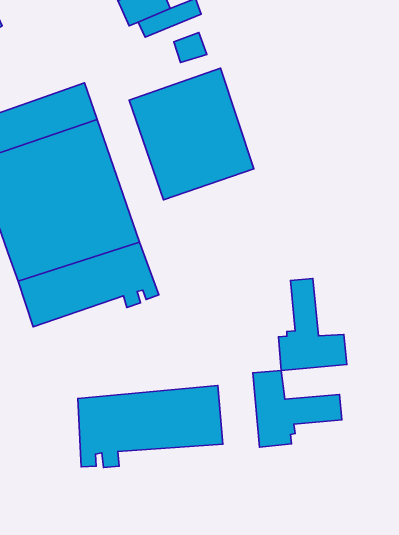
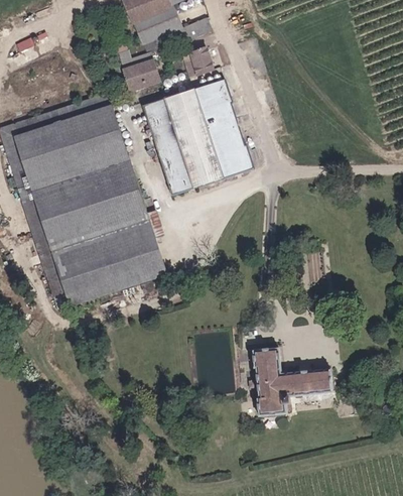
building: none -> [121,52,158,90]
building: [279,278,347,370] -> none
building: [78,385,223,467] -> none

